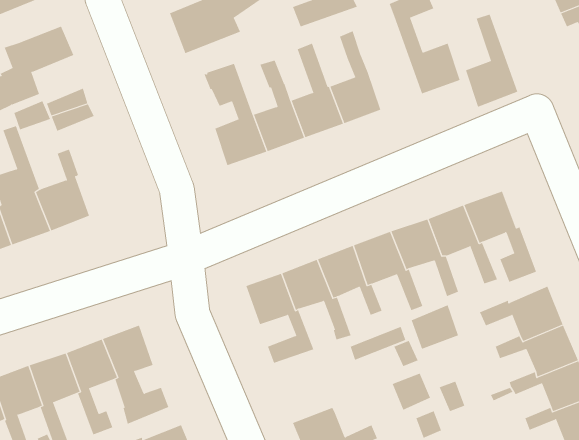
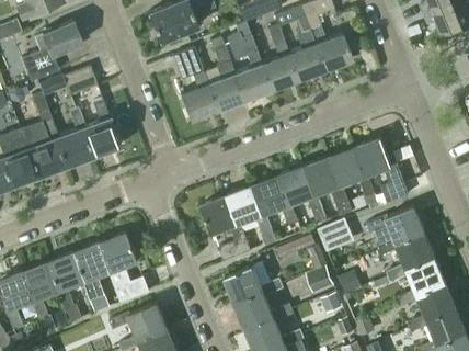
building: [465,14,518,107] -> [288,16,325,82]
building: none -> [82,101,121,157]
building: none -> [225,263,284,303]

